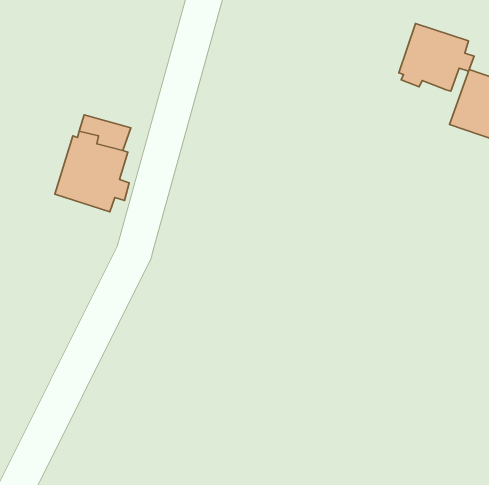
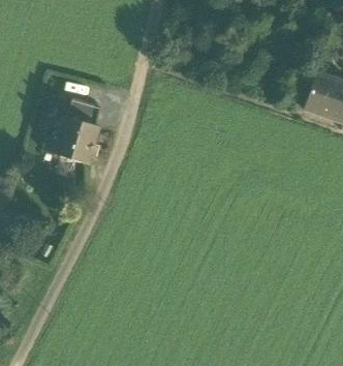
building: [399,23,474,91] -> none

